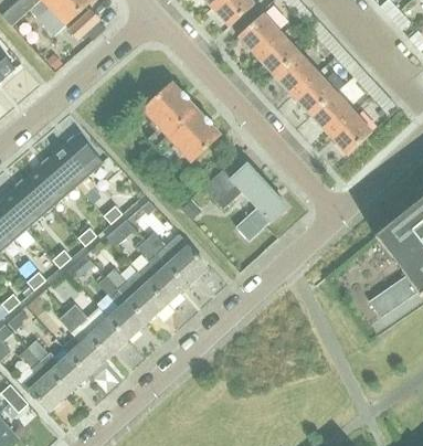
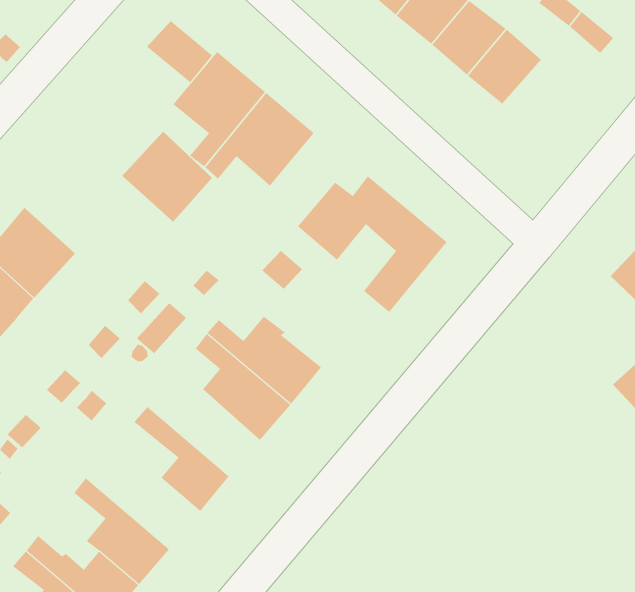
building: none -> [146,20,213,83]
building: [327,110,371,153] -> none
building: [52,132,103,184] -> [122,131,213,222]
building: [106,267,167,320] -> none
building: [66,304,128,357] -> none

